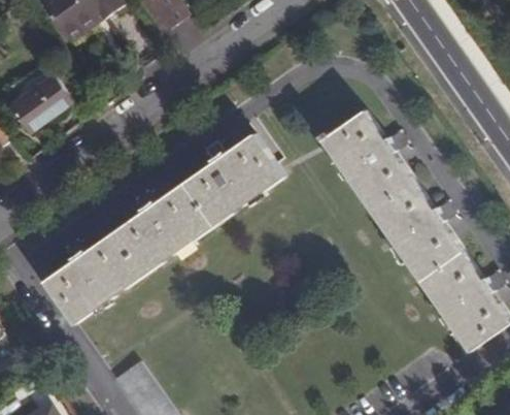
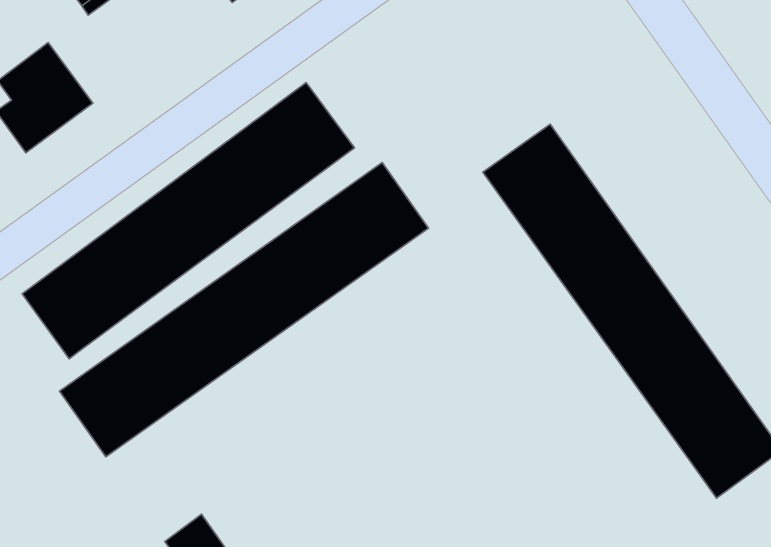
building: none -> [22,82,355,359]

